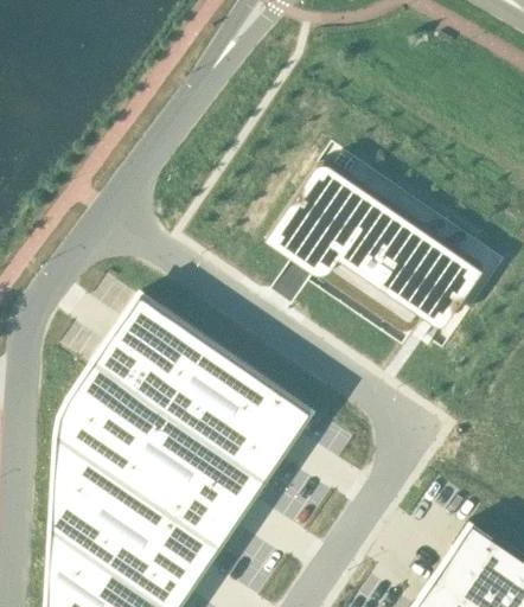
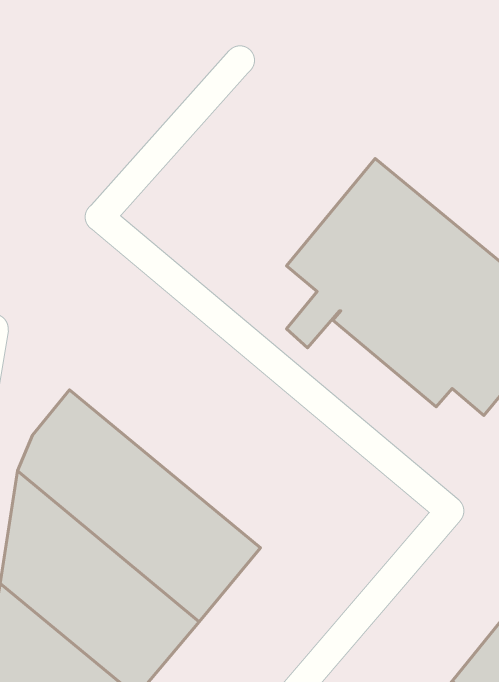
building: [100,290,317,474] -> none

